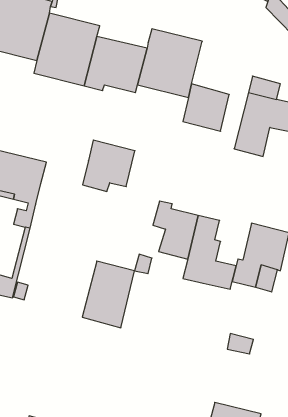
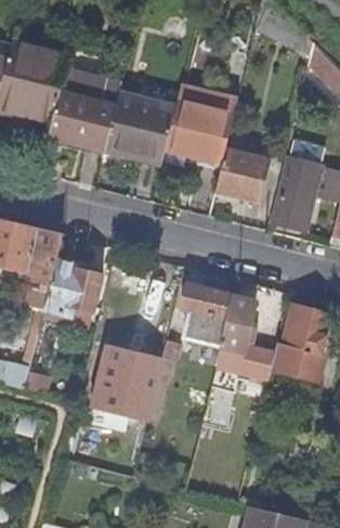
building: [83,140,135,191] -> [43,260,102,318]

